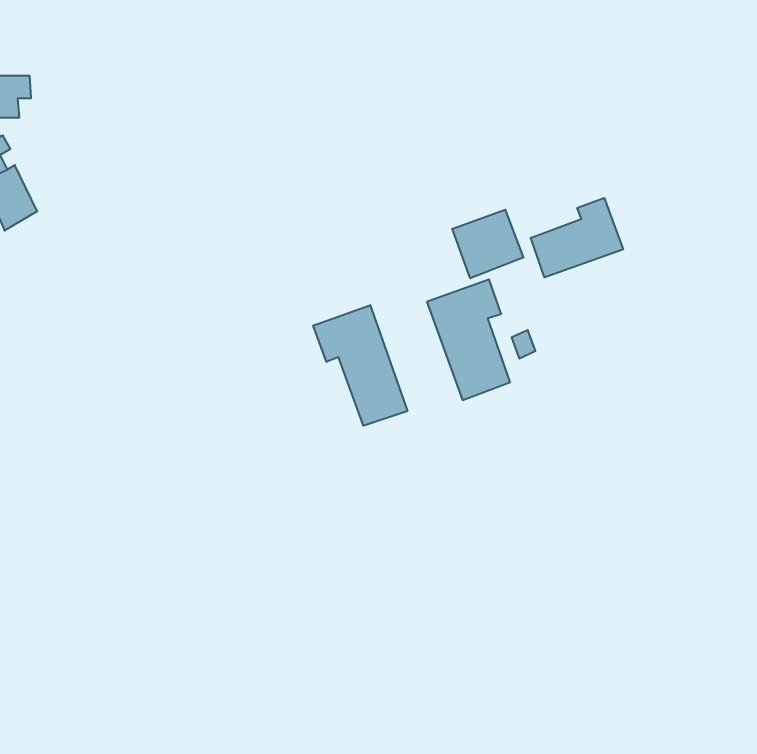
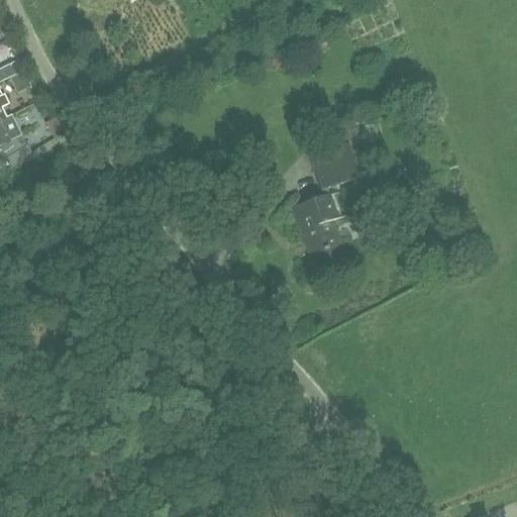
building: [531,198,623,277] -> none
building: [313,305,407,426] -> none

